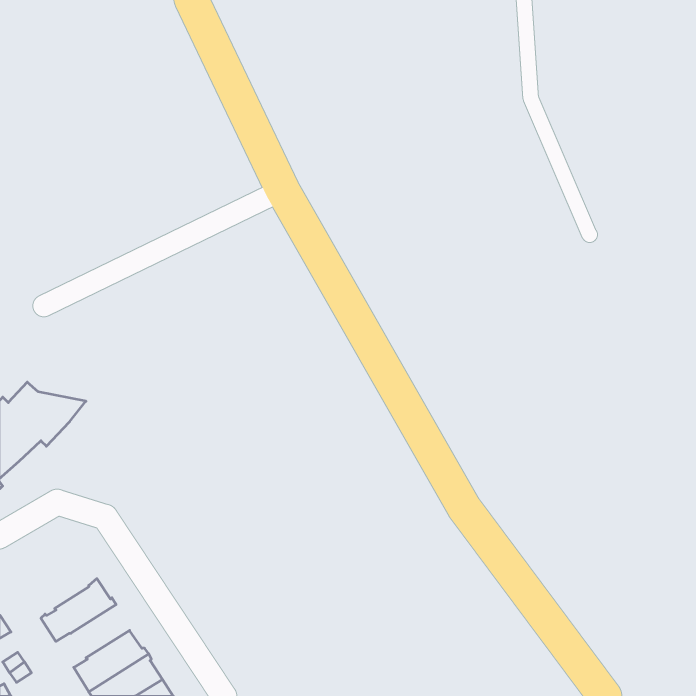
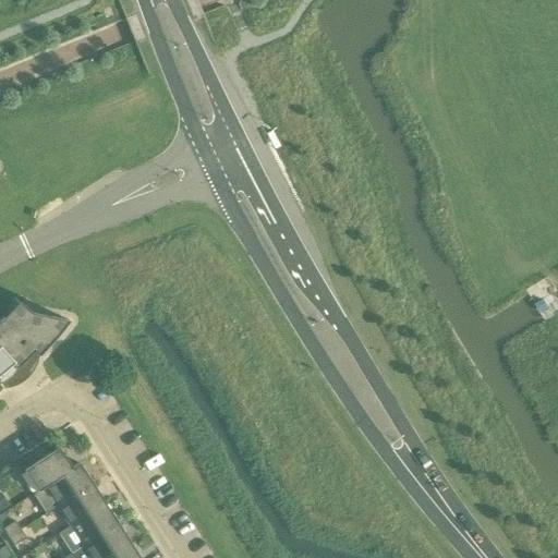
building: none -> [23,447,71,492]
building: none -> [57,483,104,525]

